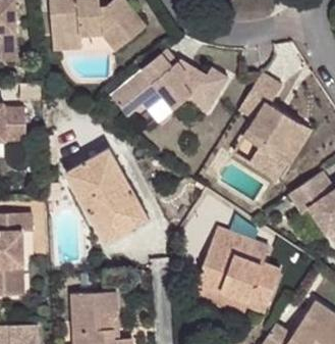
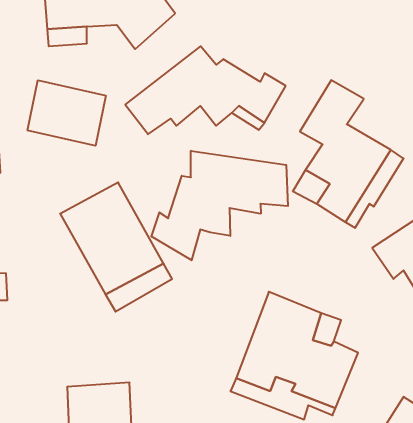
building: none -> [28,80,106,146]
building: none -> [151,151,288,260]

